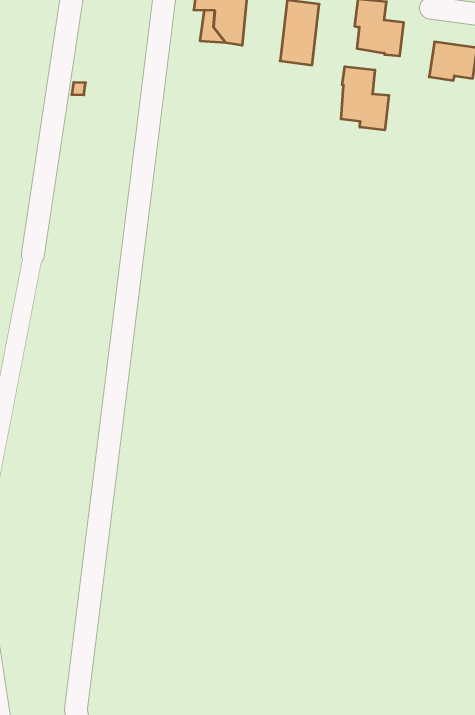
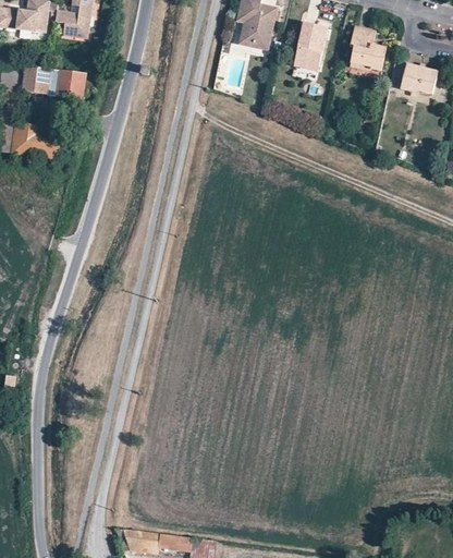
building: [341,67,389,130] -> none

